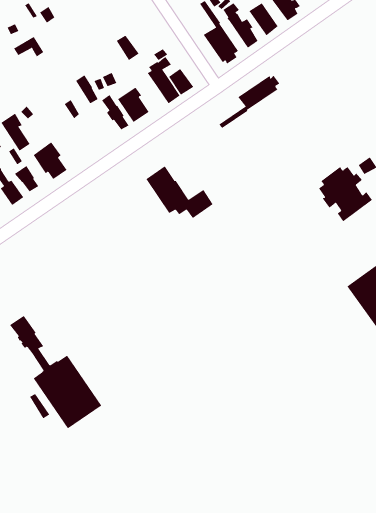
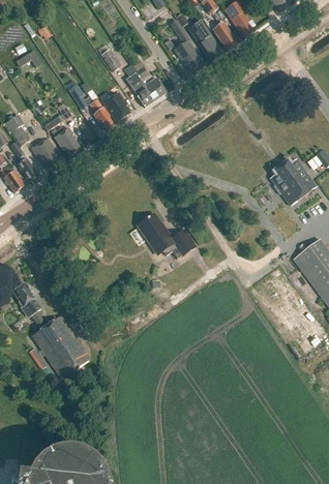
building: [219,75,280,129] -> none
building: none -> [52,126,81,155]
building: [145,166,214,219] -> [138,213,195,258]

